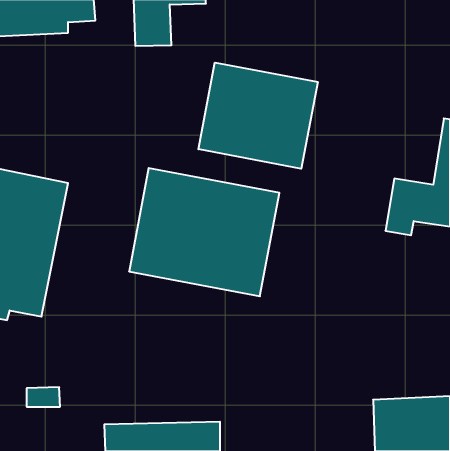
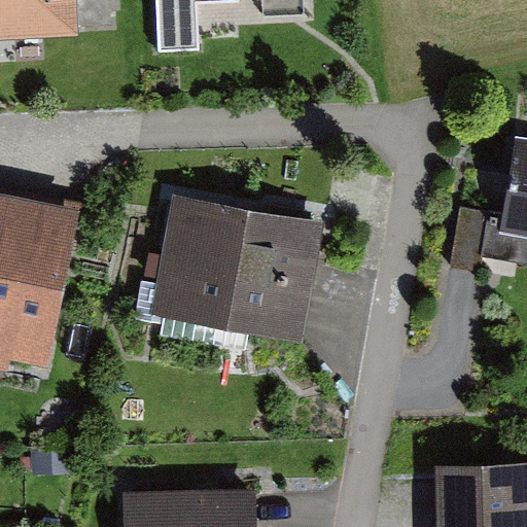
building: [198,63,318,169] -> none

